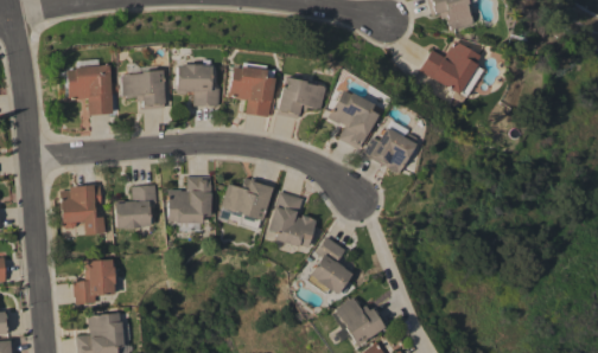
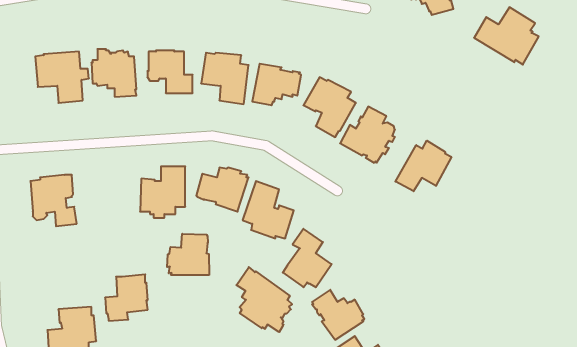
building: [421,40,484,96] -> [474,7,539,65]
building: none -> [395,141,451,191]
building: [114,185,158,229] -> none
building: none -> [167,234,209,275]
building: [75,258,116,303] -> [105,274,148,321]
building: none -> [236,267,292,332]

